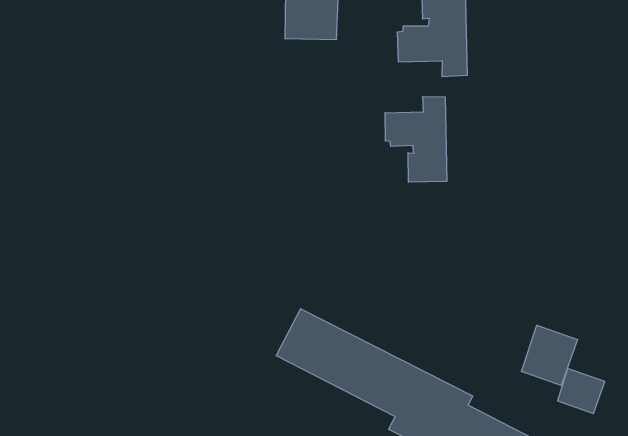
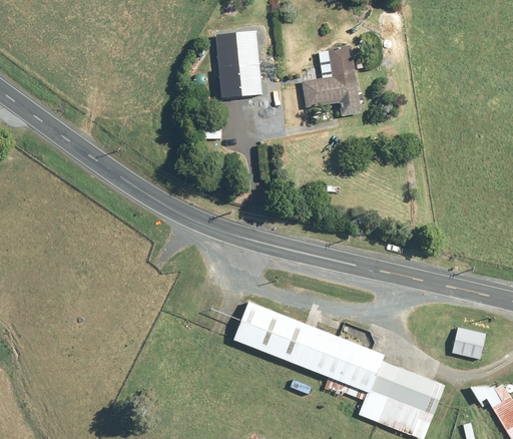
building: [385,97,447,182] -> none
building: [521,325,577,385] -> none

